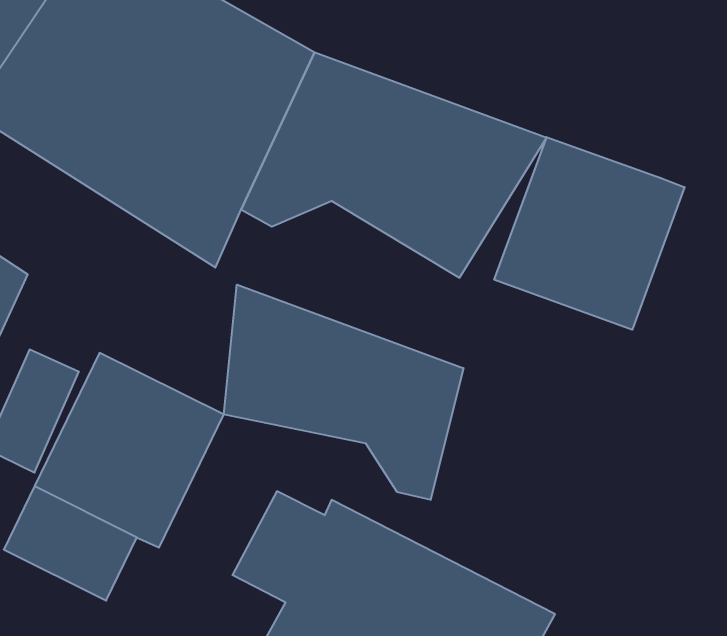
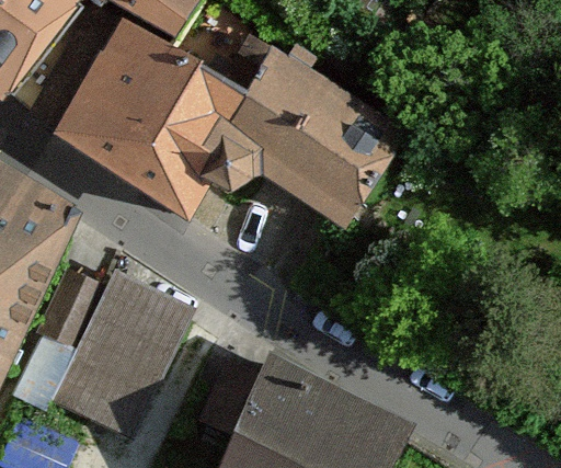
building: [494,137,685,330] -> none
building: [224,285,464,500] -> none

